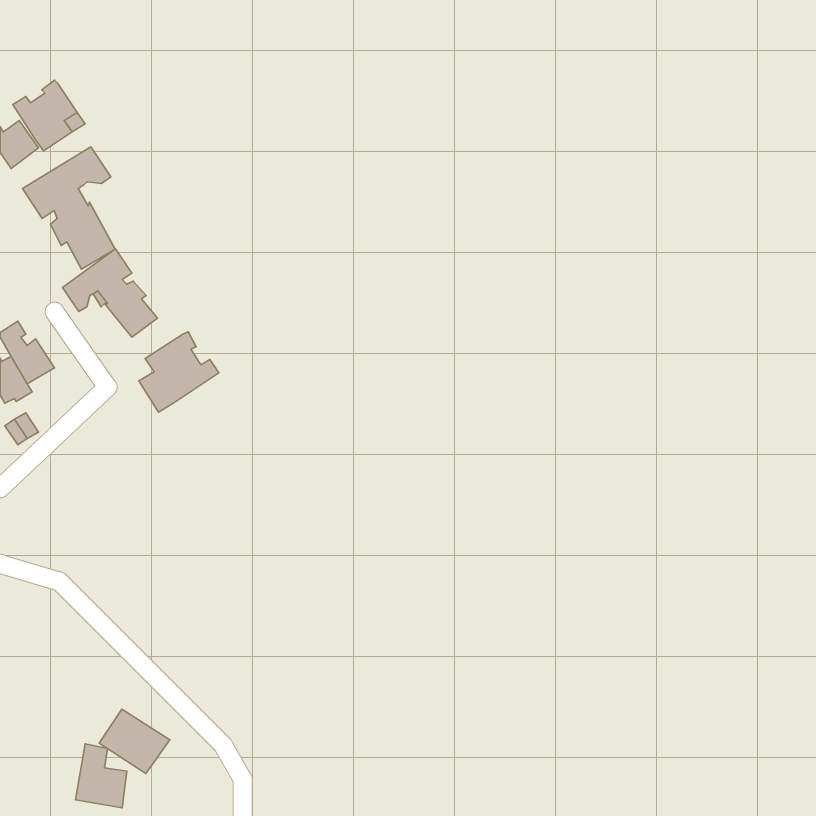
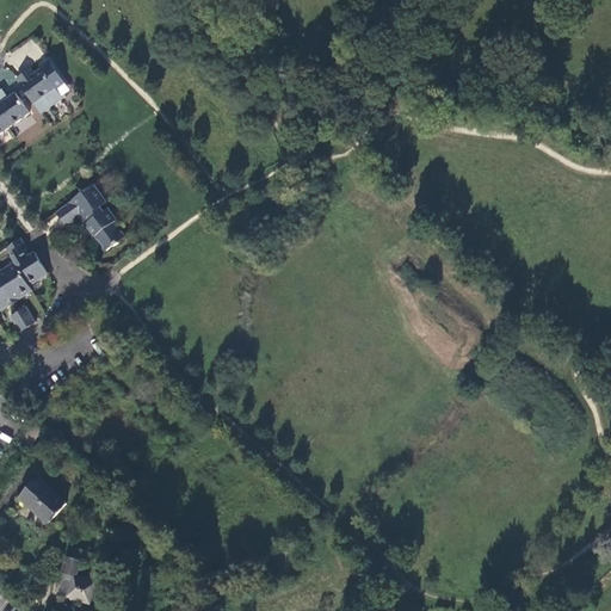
building: [22,147,115,269] -> none
building: [139,332,219,412] -> none
building: [99,709,170,774] -> [18,473,70,520]

